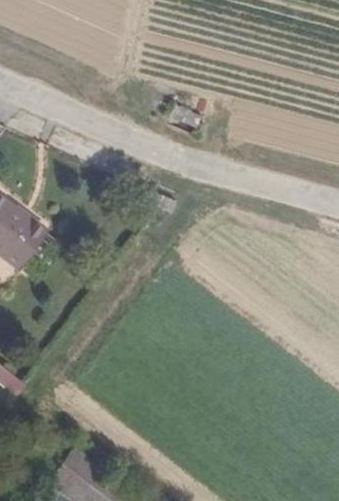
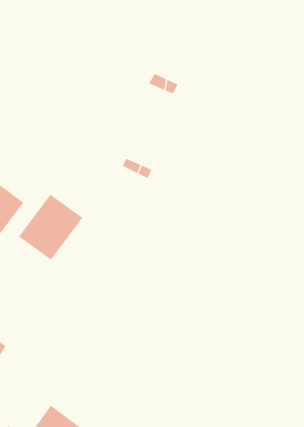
building: none -> [18,194,83,261]

